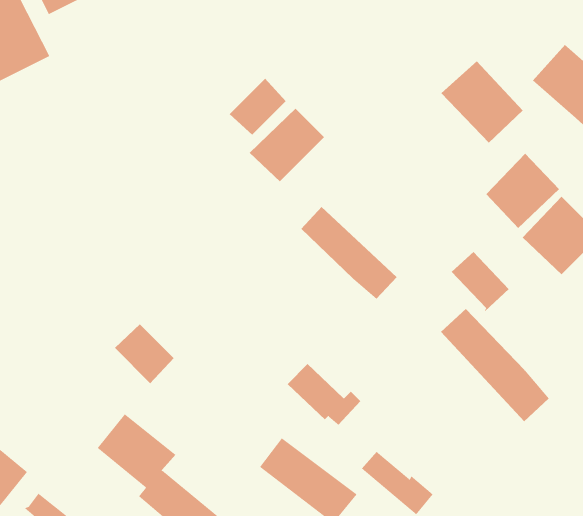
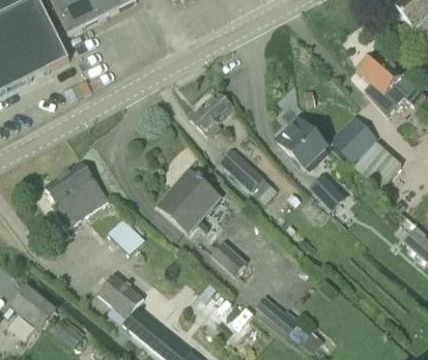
building: [441,61,524,143] -> [276,118,325,168]
building: [229,78,287,136] -> none
building: none -> [45,160,108,228]
building: none -> [152,168,221,234]
building: [440,308,550,422] -> none

